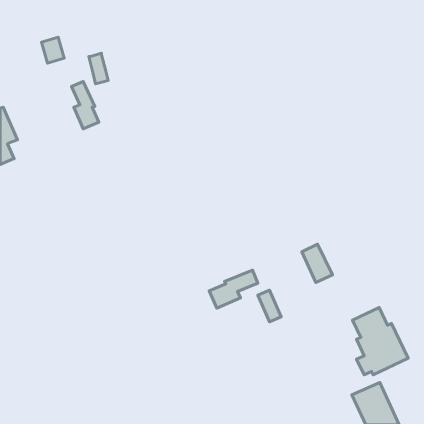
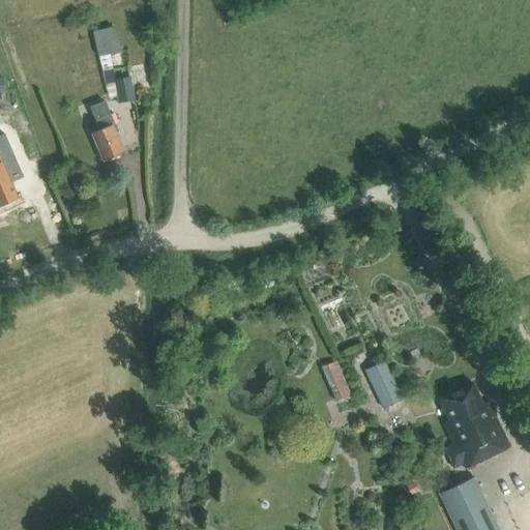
building: [42,37,64,63] -> [93,25,121,57]
building: [302,244,333,282] -> [365,363,404,411]
building: [209,270,258,308] -> none

